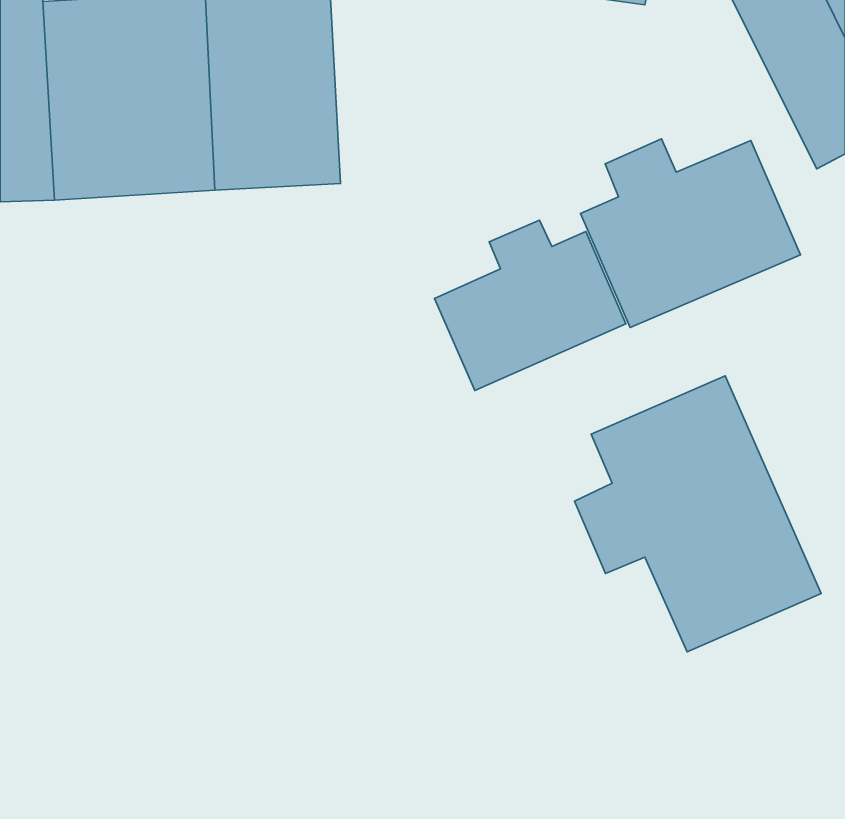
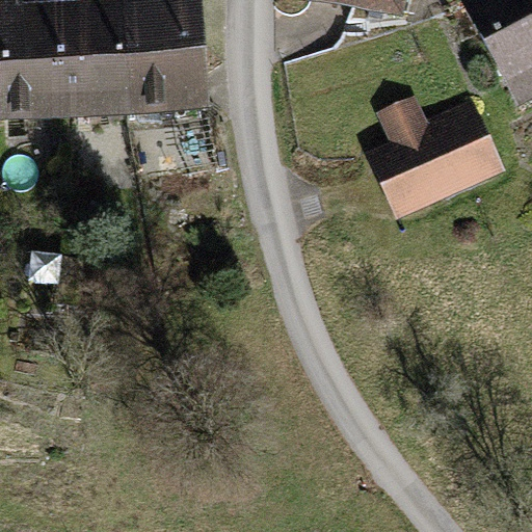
building: [435,220,626,391] -> none
building: [574,376,821,652] -> none

